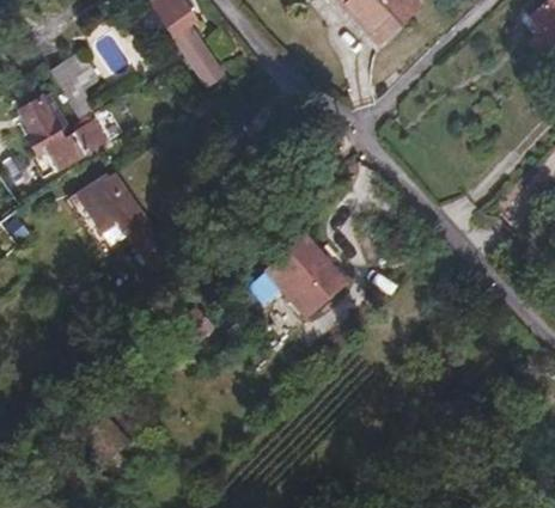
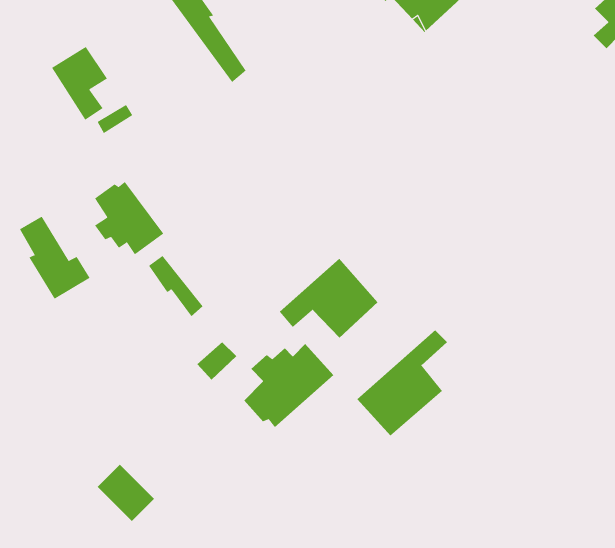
building: [19,99,83,173] -> [19,216,91,299]
building: none -> [357,329,448,436]
building: none -> [243,343,334,428]

